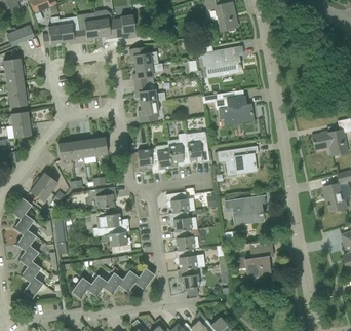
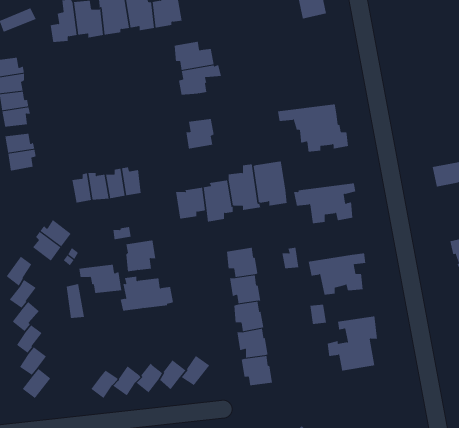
building: [200,46,242,77] -> none
building: [134,83,165,103] -> none
building: [101,232,131,253] -> [78,264,122,293]

